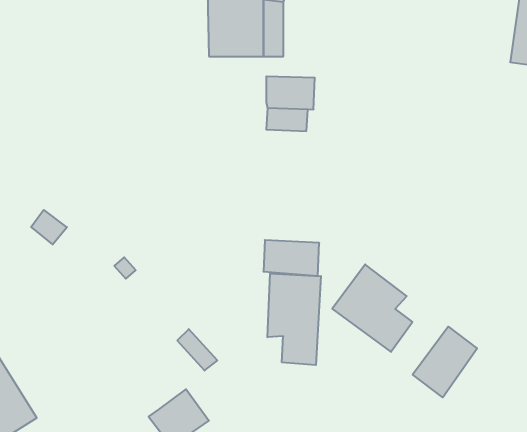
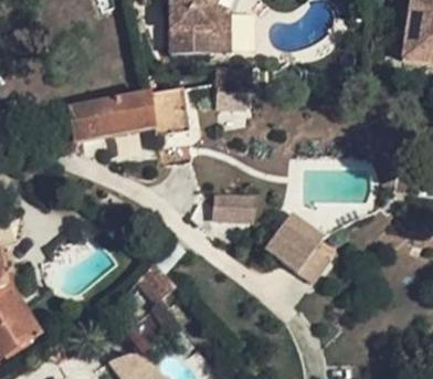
building: none -> [70,90,188,138]
building: [267,273,321,365] -> none
building: [413,327,477,397] -> none

